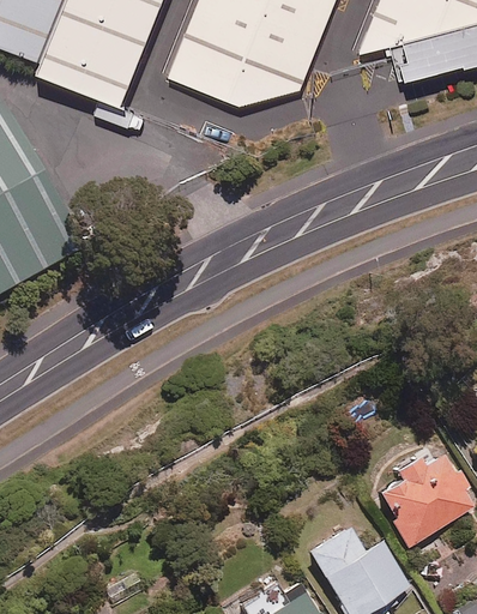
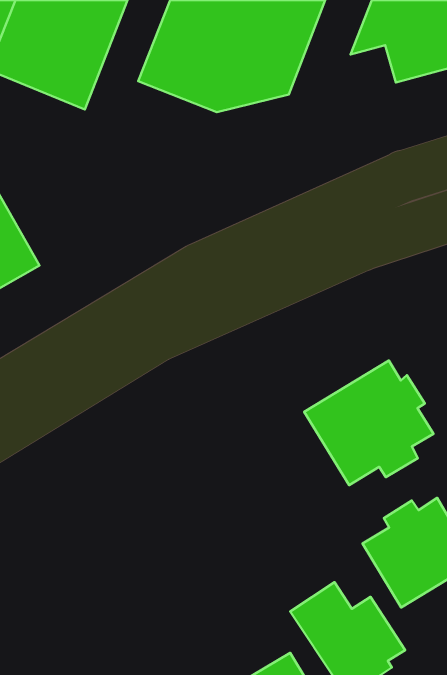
building: none -> [304,360,434,485]

